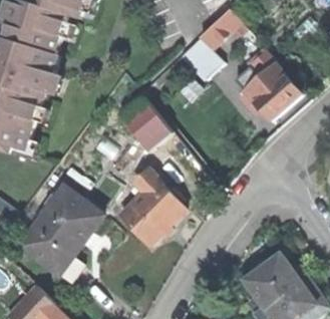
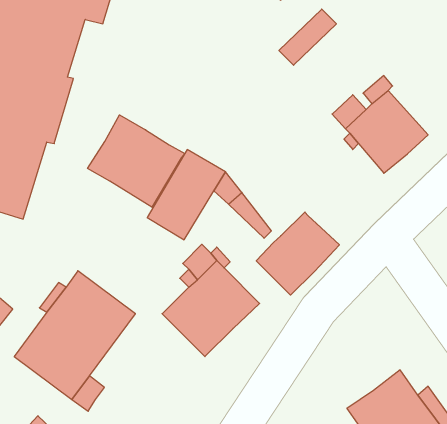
building: [181,37,223,80] -> none
building: none -> [88,115,185,207]
building: none -> [256,212,339,295]

